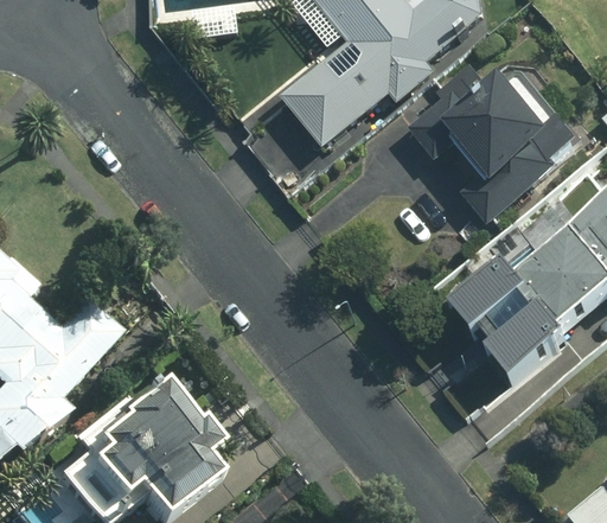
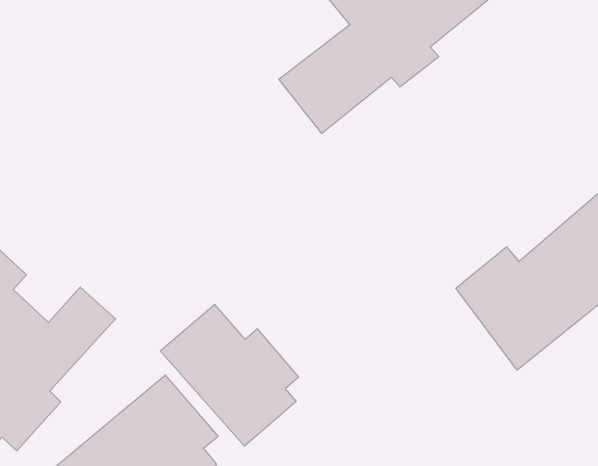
building: [407,62,581,222] -> none
building: none -> [160,304,298,446]

